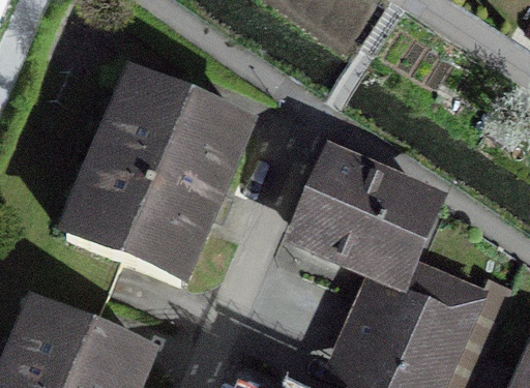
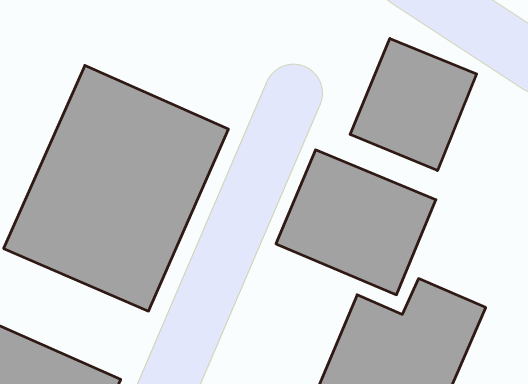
building: none -> [350,38,477,171]

